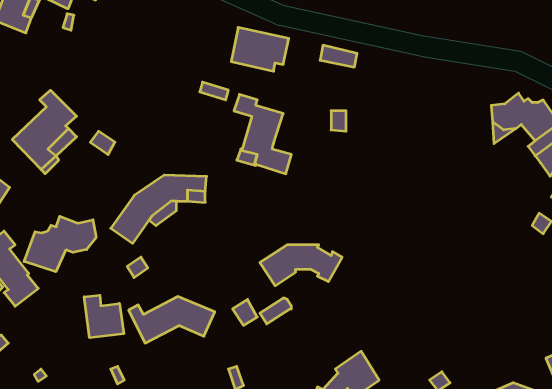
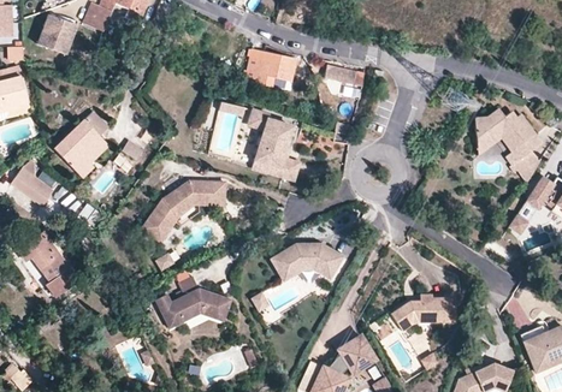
building: [24,216,96,272] -> none
building: [84,295,124,338] -> none
building: none -> [392,296,456,328]

